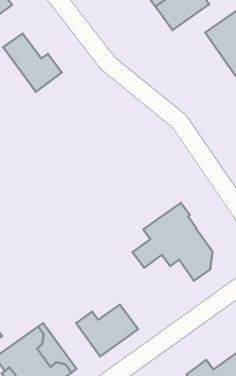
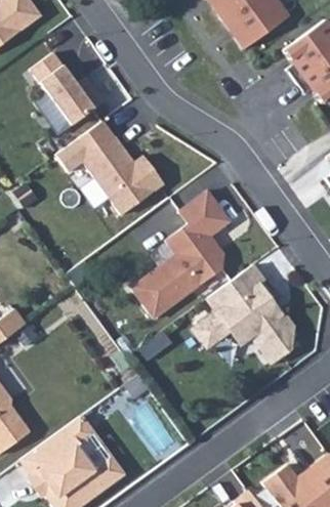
building: none -> [58,121,165,214]
building: none -> [131,191,231,319]
building: [76,305,138,357] -> none

